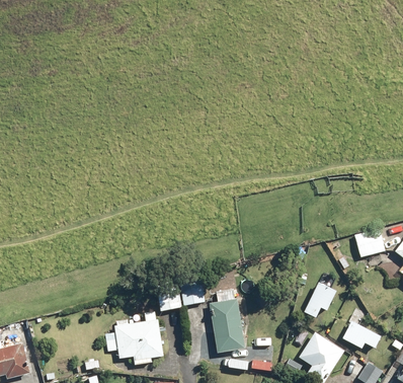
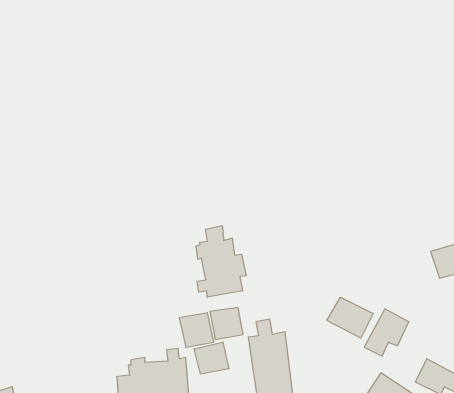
building: none -> [196,226,246,297]
building: none -> [327,297,373,338]
building: none -> [194,342,229,374]

